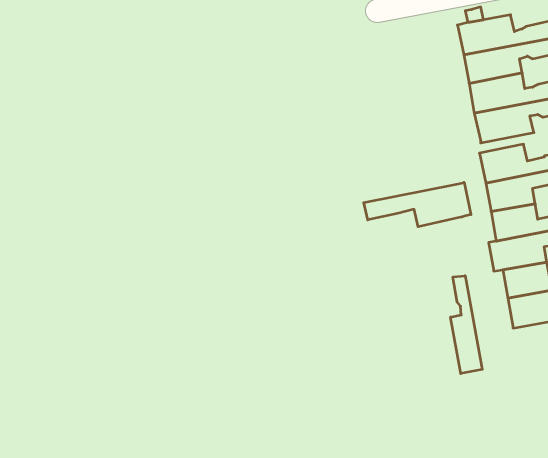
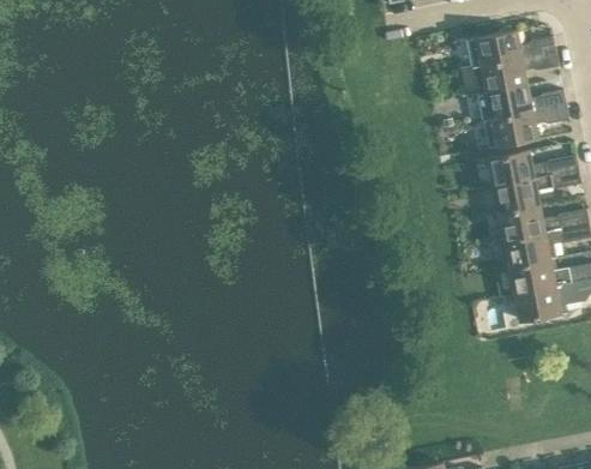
building: [364,182,471,227] -> none
building: [451,276,482,374] -> none

